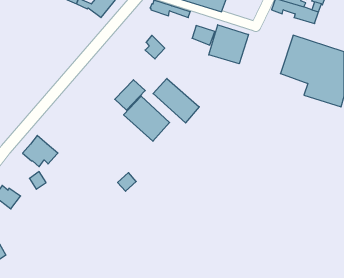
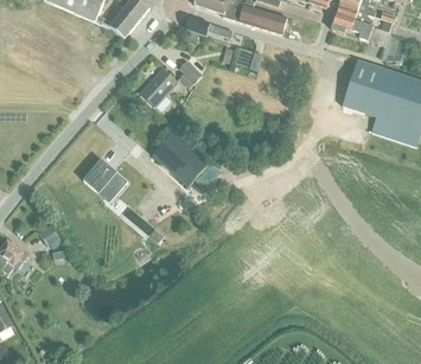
building: [209,25,248,64] -> none
building: [153,78,199,123] -> none
building: [115,80,145,110] -> [140,68,177,104]
building: [23,135,58,167] -> [83,158,126,196]

